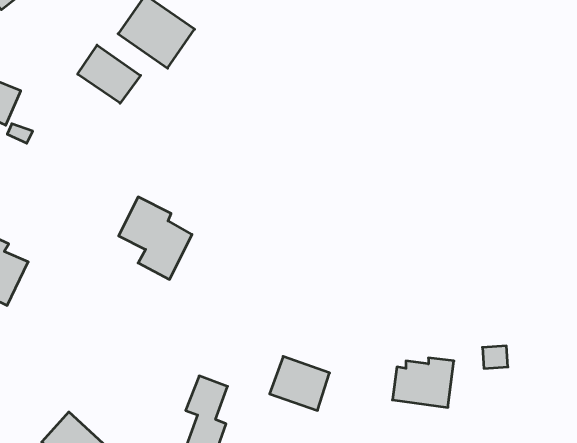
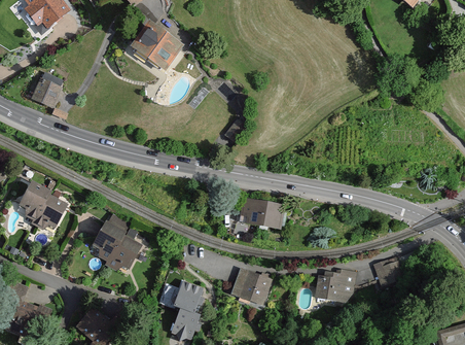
building: [78,45,141,103] -> none
building: [119,197,192,279] -> [92,219,142,276]
building: none -> [239,197,284,230]

